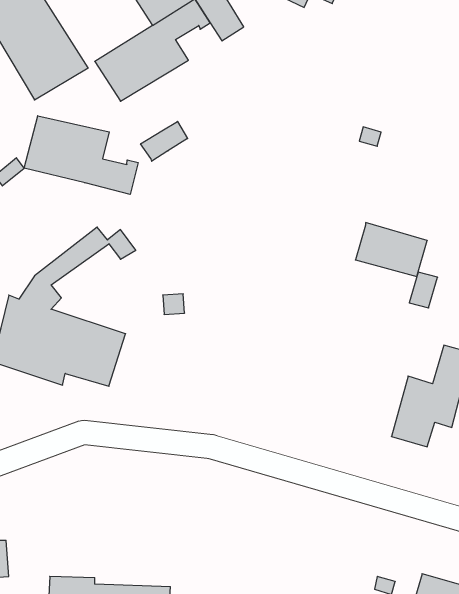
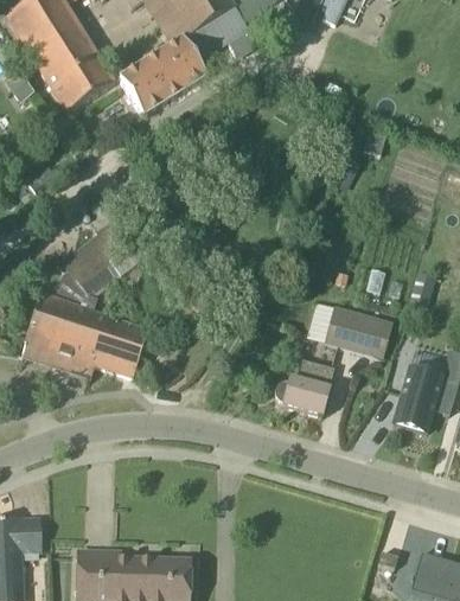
building: [24,116,138,194] -> none
building: [141,121,188,161] -> none
building: [355,223,427,277] -> [325,305,391,354]
building: none -> [274,357,333,415]

